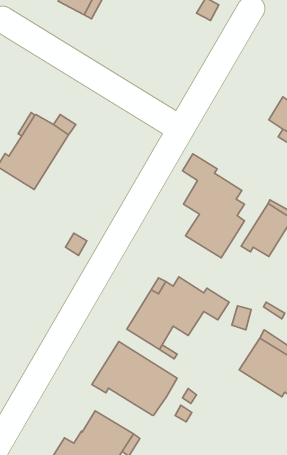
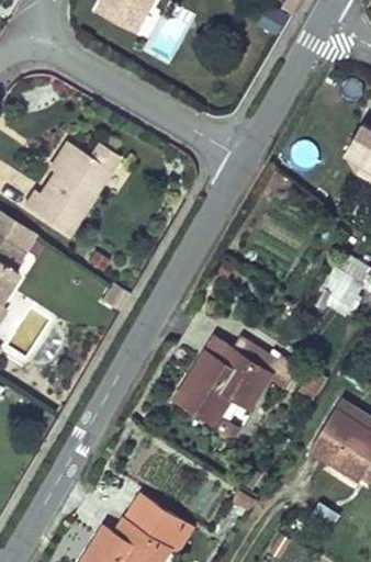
building: [182,154,244,258] -> none
building: [92,342,177,416] -> none

